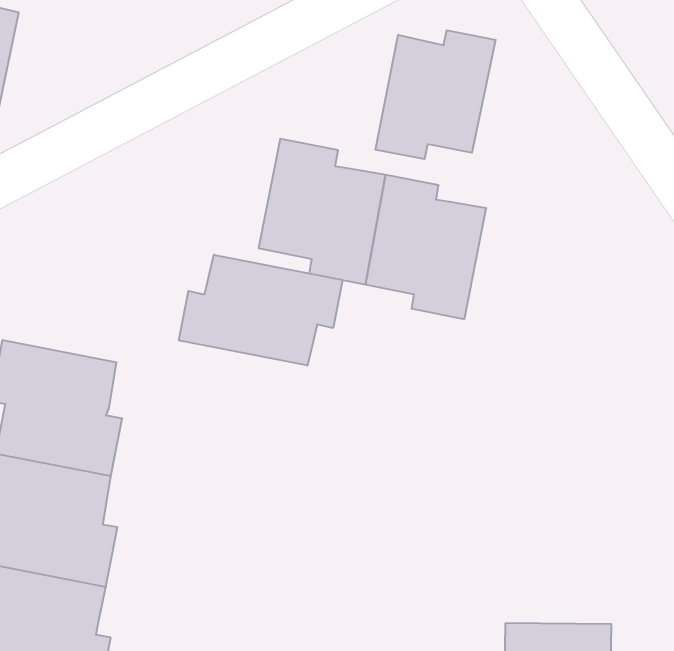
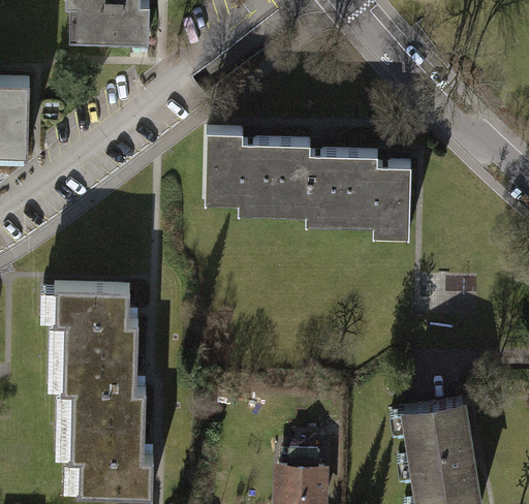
building: [376,30,496,159] -> none
building: none -> [340,155,414,239]
building: [179,255,343,366] -> none

